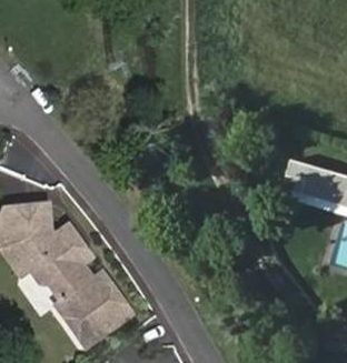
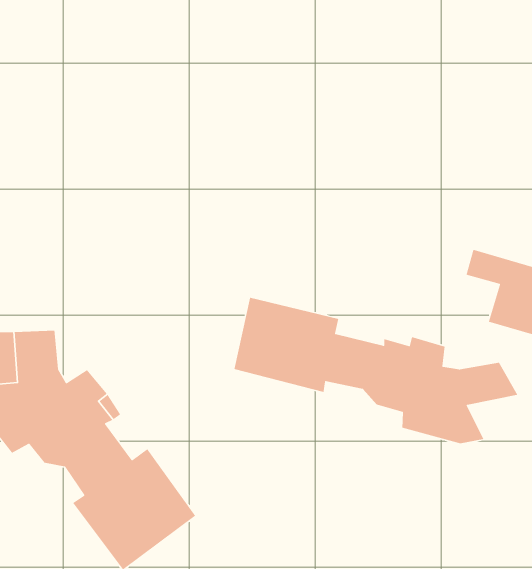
building: none -> [234,297,518,444]

